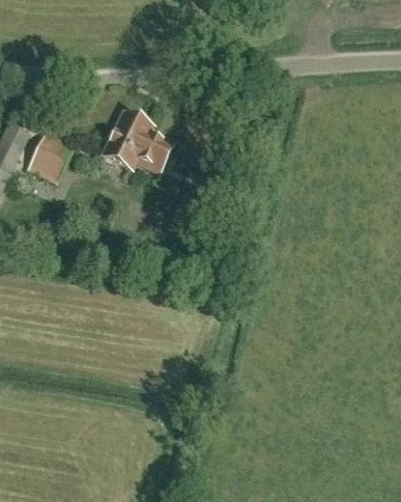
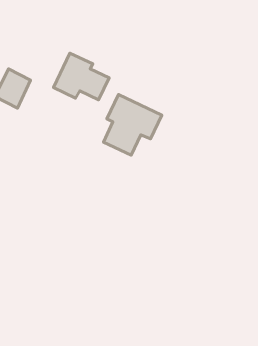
building: none -> [103,95,162,155]

